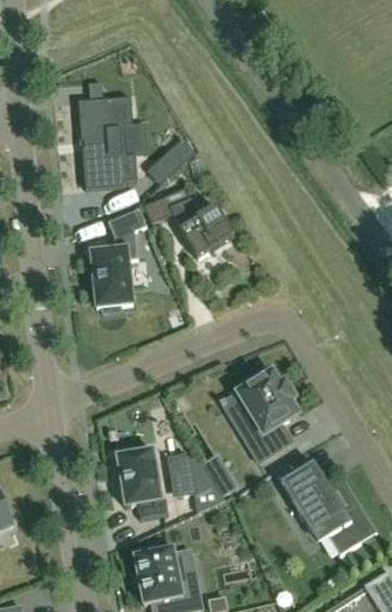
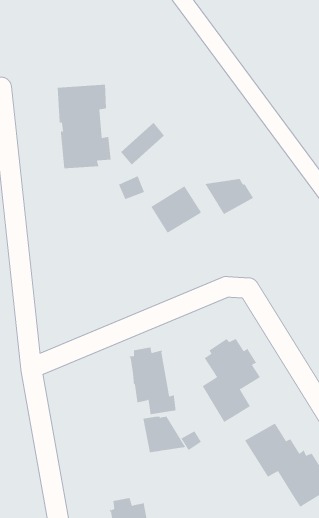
building: none -> [204,178,254,215]
building: [91,208,147,313] -> none
building: [117,446,168,519] -> [129,347,177,415]

